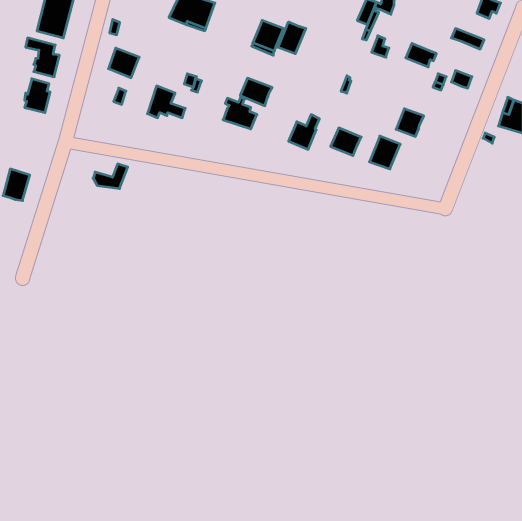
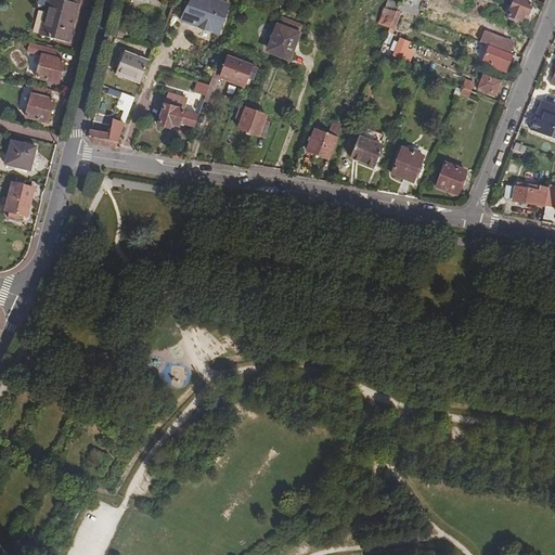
building: [278,22,306,54] -> none
building: [406,43,436,67] -> [482,43,515,68]
building: [240,78,272,106] -> [219,56,253,86]
building: [396,109,424,136] -> [436,164,465,193]
building: none -> [7,139,37,169]
building: [93,164,128,189] -> [89,119,126,145]
building: none -> [504,180,547,206]

